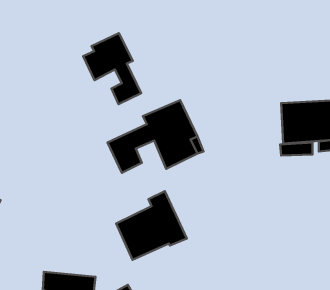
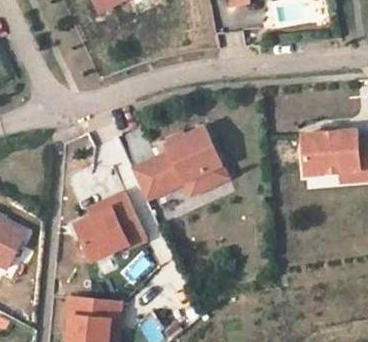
building: [83,33,141,104] -> none
building: [116,191,187,260] -> [76,193,146,261]

